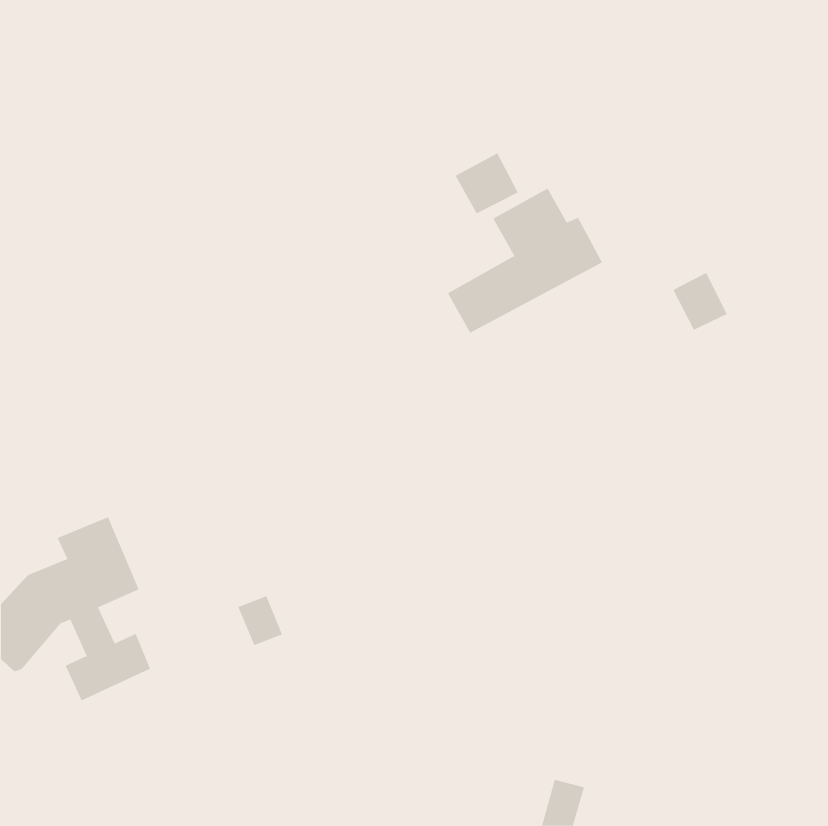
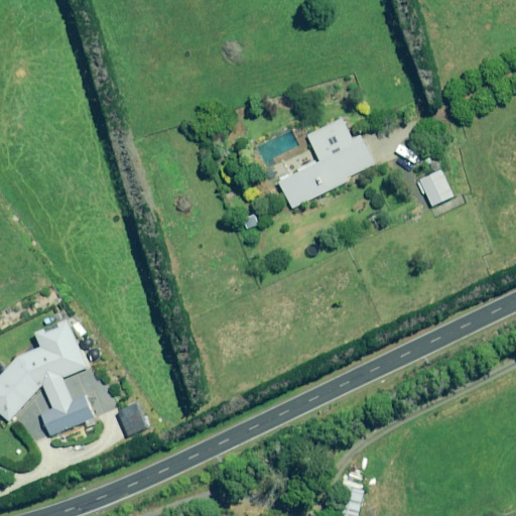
building: [455,152,518,214] -> none
building: [238,596,283,646] -> [117,403,145,434]

